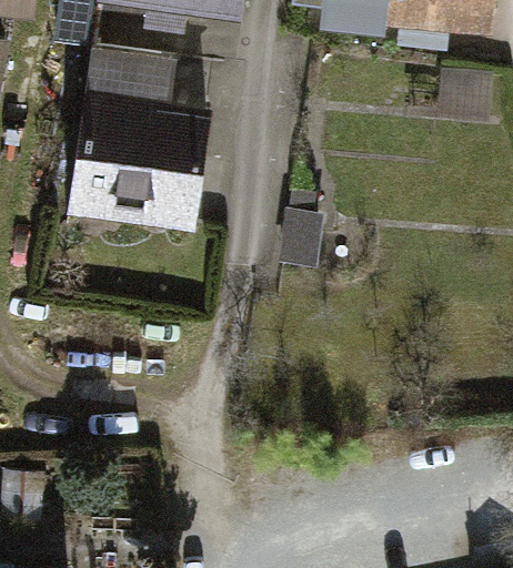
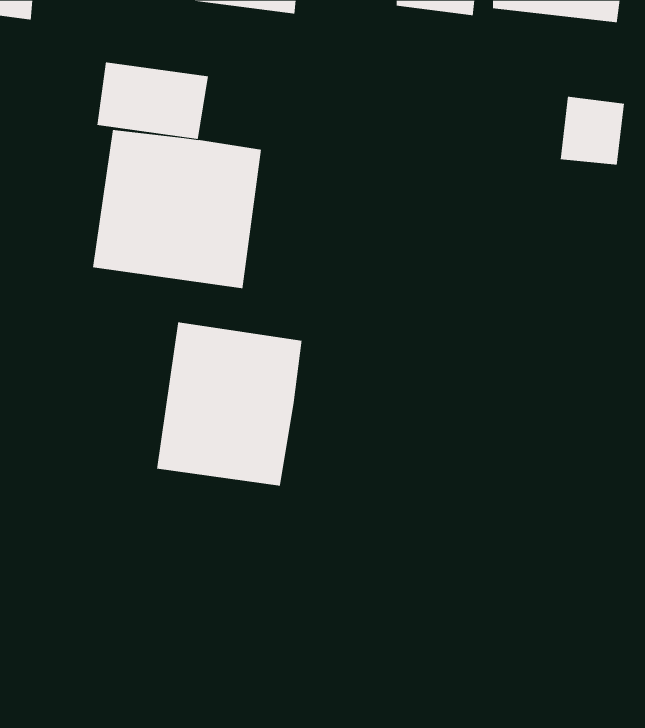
building: none -> [157,321,302,487]

